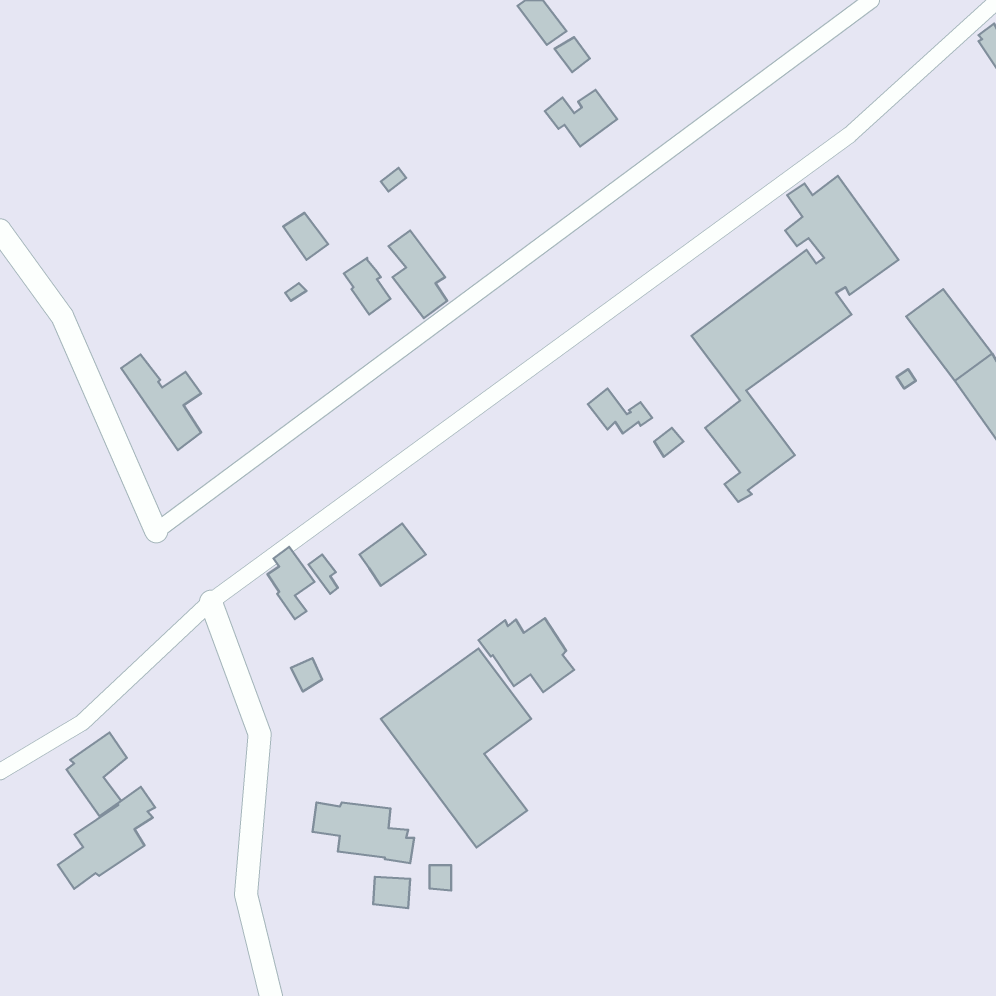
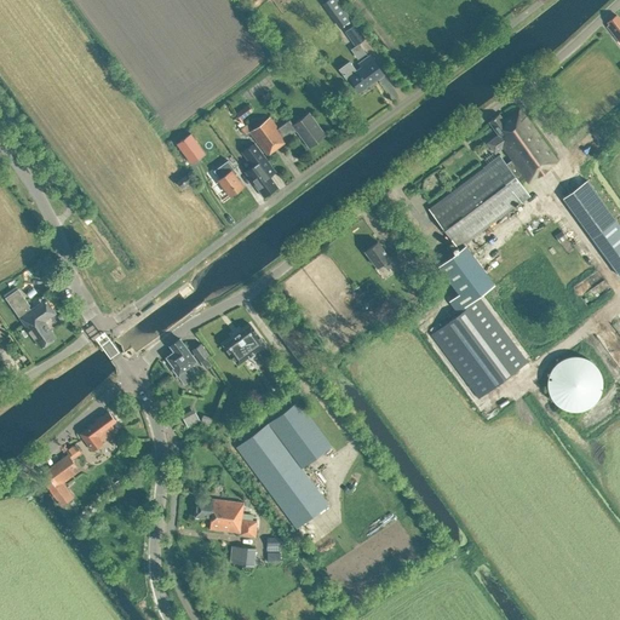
building: none -> [251,114,326,156]
building: [121,354,201,450] -> [6,289,56,349]
building: none -> [431,298,528,398]
building: none -> [540,351,603,414]
building: [479,618,574,692] -> none
building: none -> [84,413,116,452]
building: [58,787,155,889] -> none

